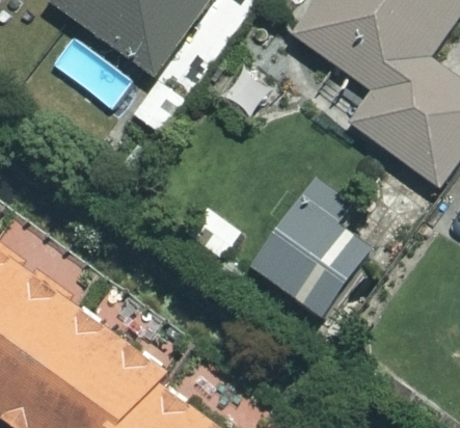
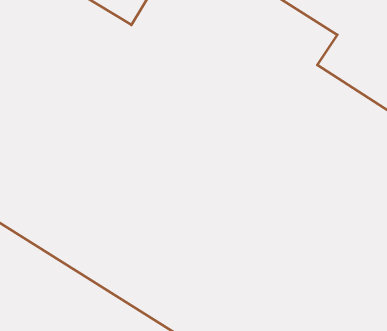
building: [249,190,384,325] -> none

